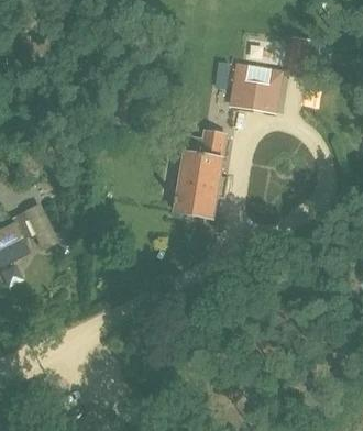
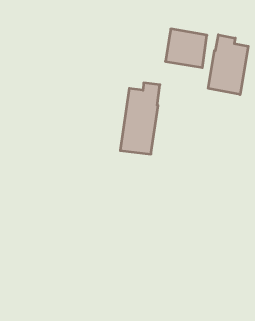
building: none -> [208,35,248,95]

